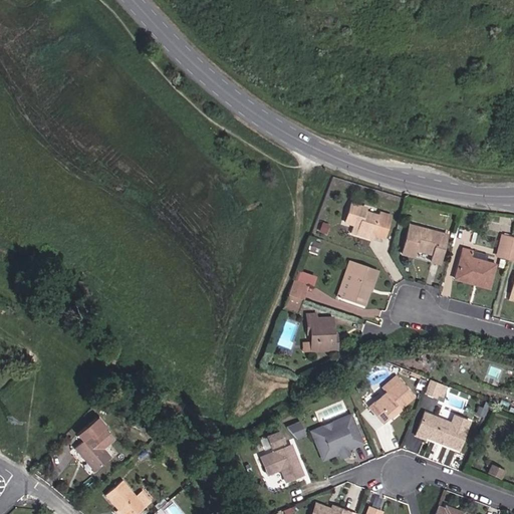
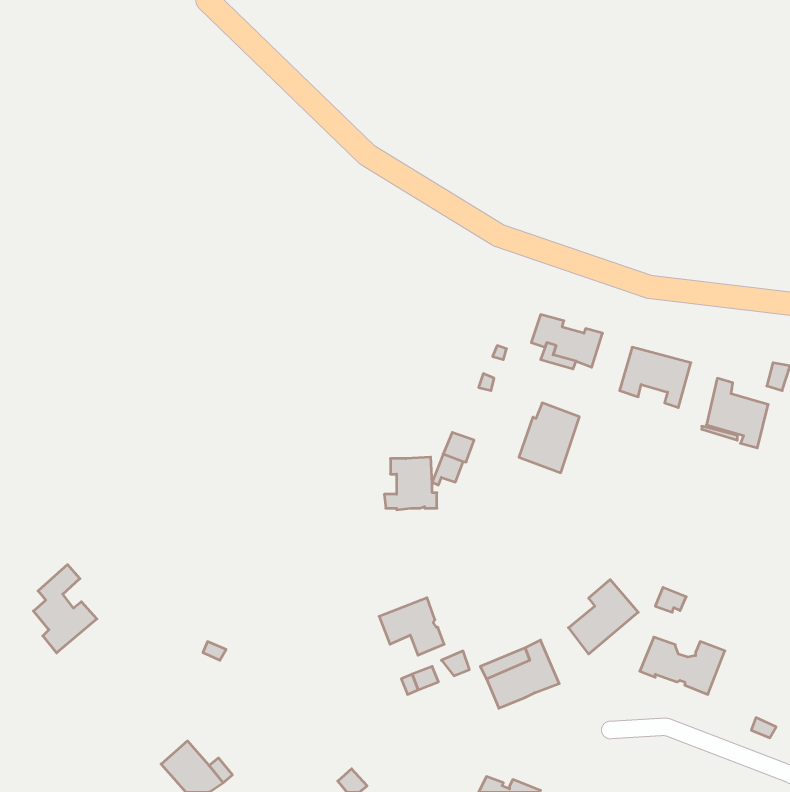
building: [303,318,337,352] -> [384,457,437,510]
building: [75,418,116,475] -> [33,565,97,653]
building: [261,445,303,482] -> [379,598,444,655]

